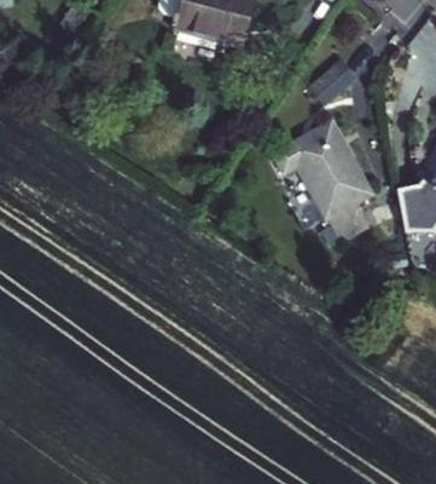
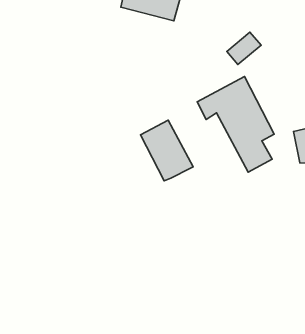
building: none -> [140,120,193,181]

